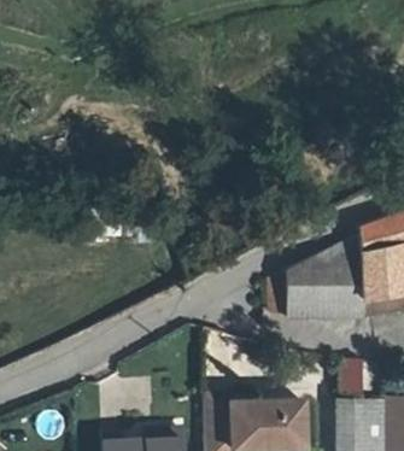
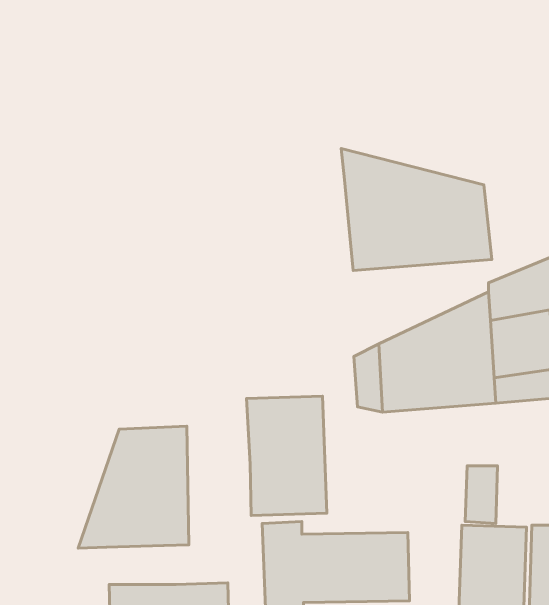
building: none -> [341,148,492,270]
building: none -> [247,396,327,515]
building: none -> [78,426,189,548]

